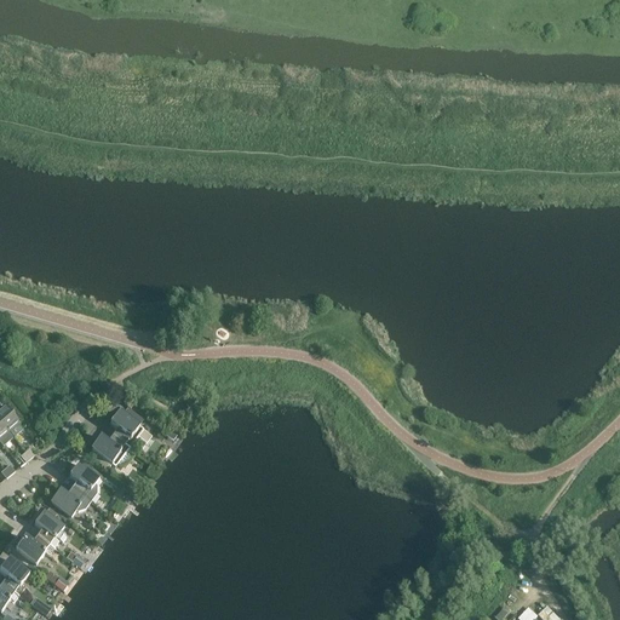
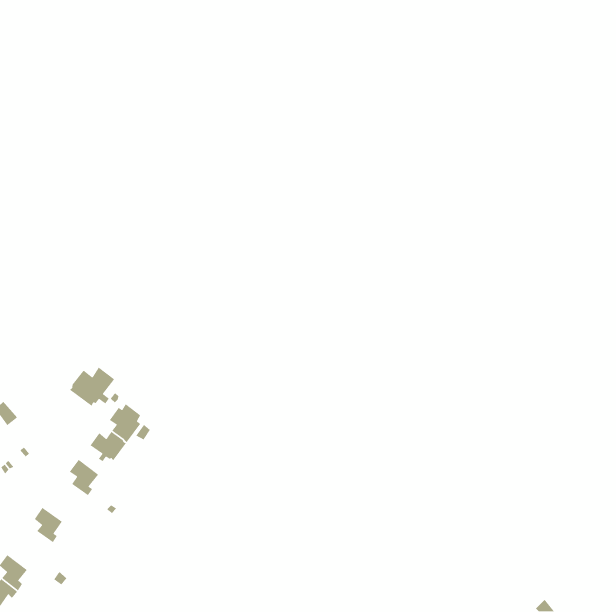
building: none -> [69,367,115,407]
building: [50,486,88,515] -> none
building: [15,533,53,562] -> none

